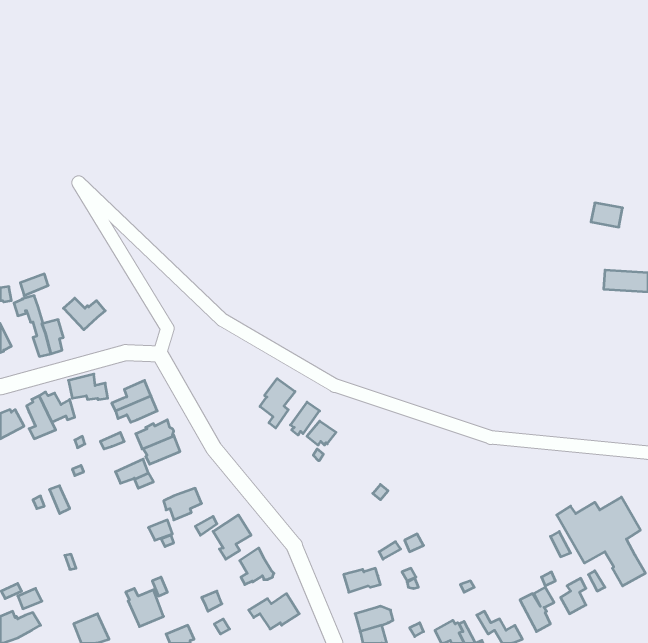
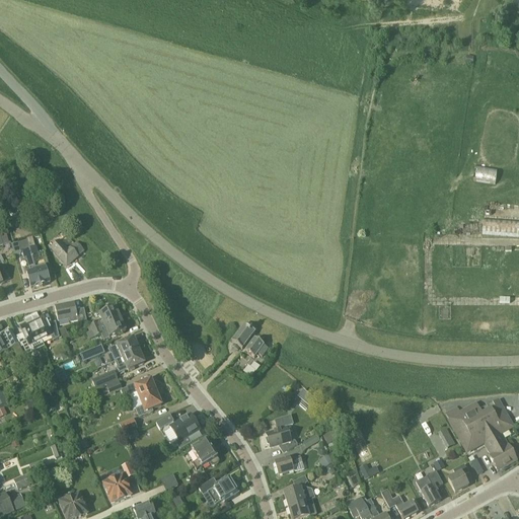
building: [260,379,295,428] -> none
building: none -> [126,377,156,400]
building: none -> [266,415,298,449]

